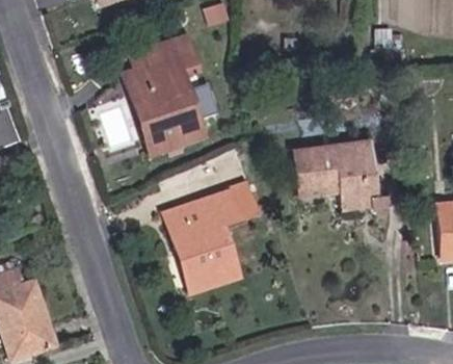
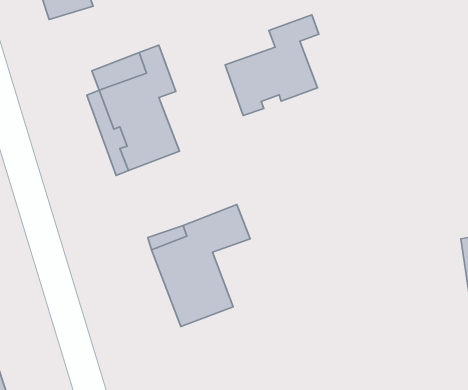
building: none -> [225,15,319,116]
building: [284,136,383,212] -> none

